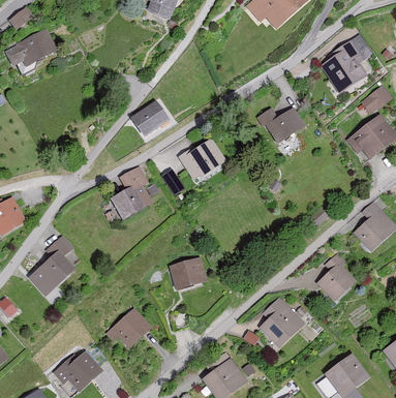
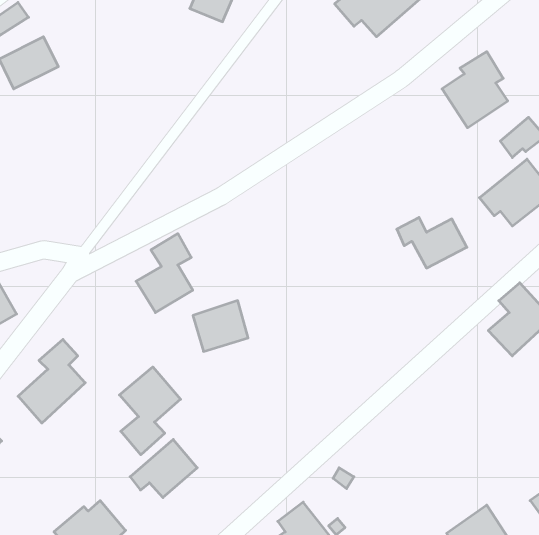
building: [130,101,170,139] -> none
building: [255,108,304,143] -> [397,217,467,268]
building: [177,137,225,180] -> none
building: [316,254,354,301] -> none
building: [169,257,207,293] -> [193,301,248,351]
building: none -> [119,367,181,455]
building: [258,298,304,349] -> none

